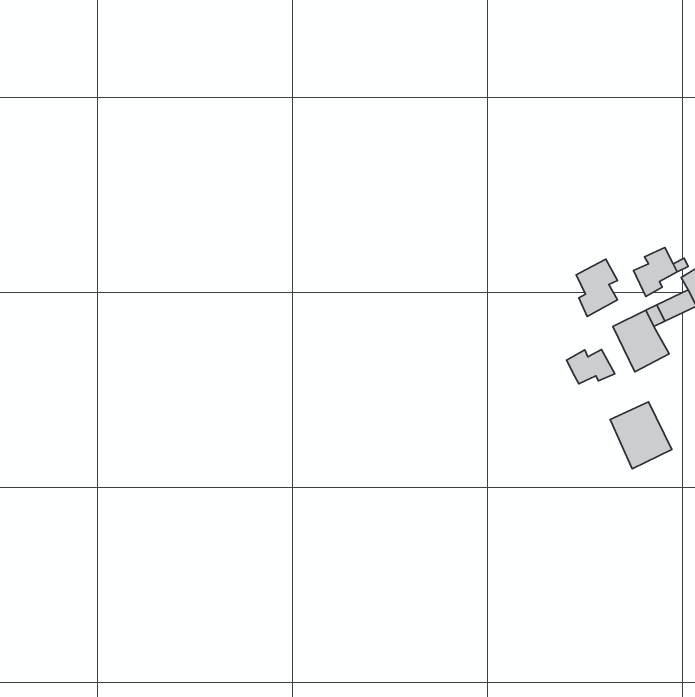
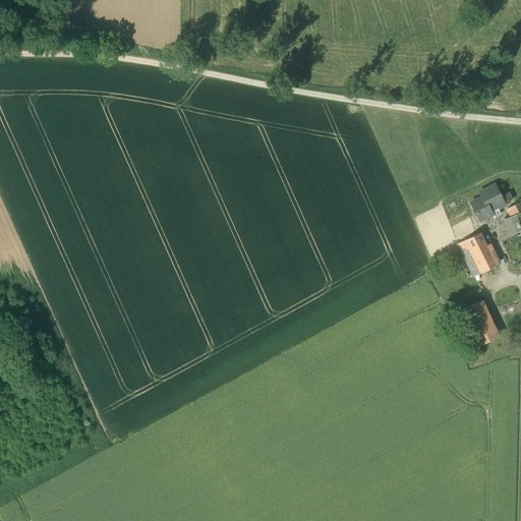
building: [576,259,618,316] -> none
building: [566,349,615,384] -> none

